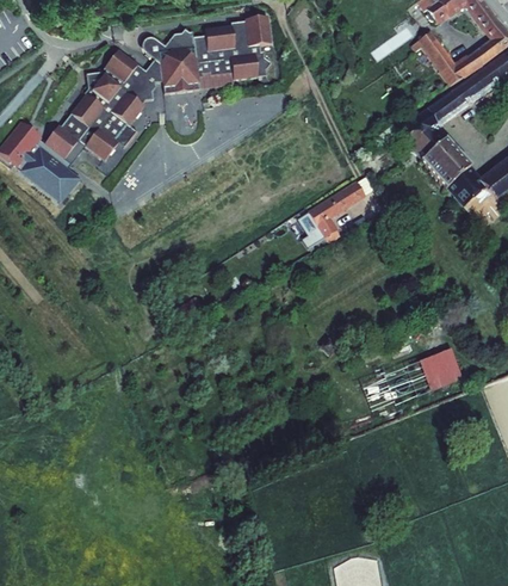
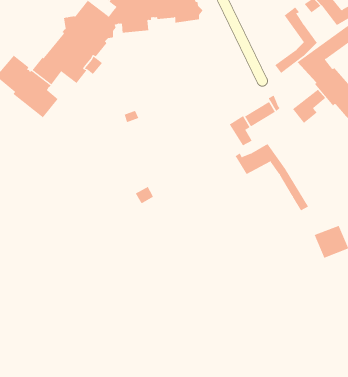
building: none -> [275,7,318,74]
building: none -> [292,89,326,124]
building: none -> [235,143,309,211]

